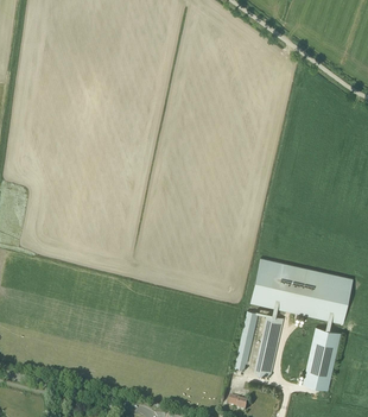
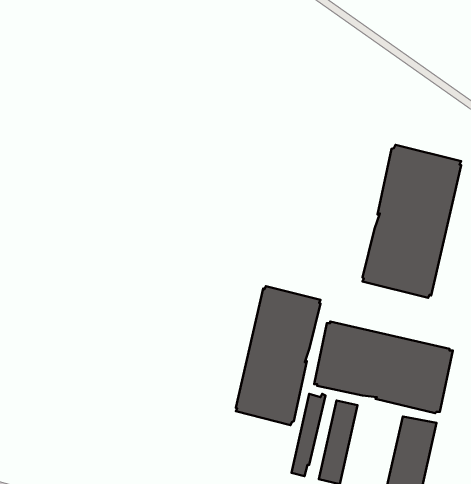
building: none -> [362,145,461,298]
building: none -> [236,286,321,425]

